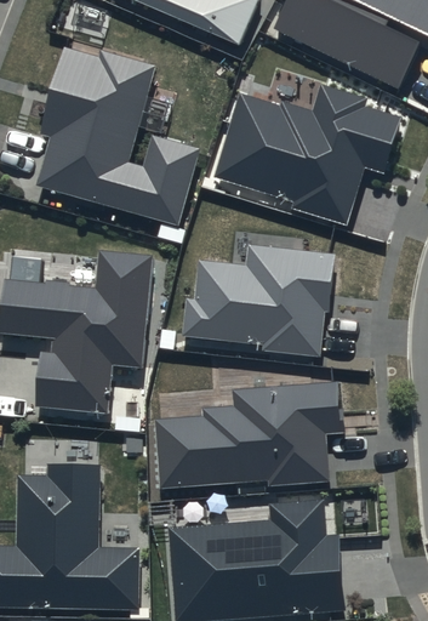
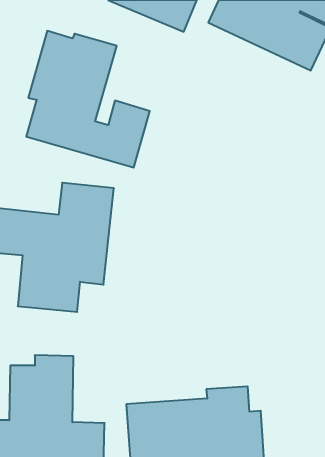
building: [215,82,405,226] -> none
building: [183,244,338,357] -> none
building: [154,378,343,486] -> none

